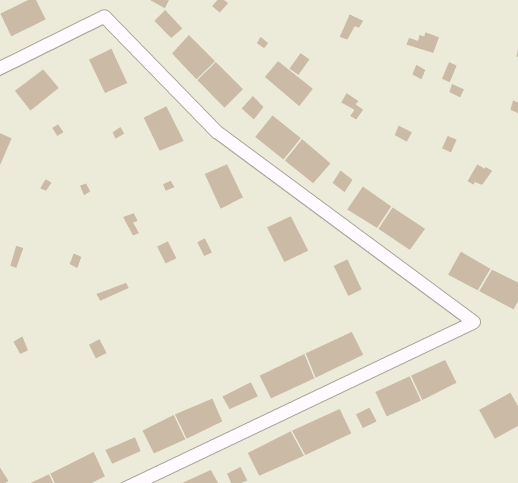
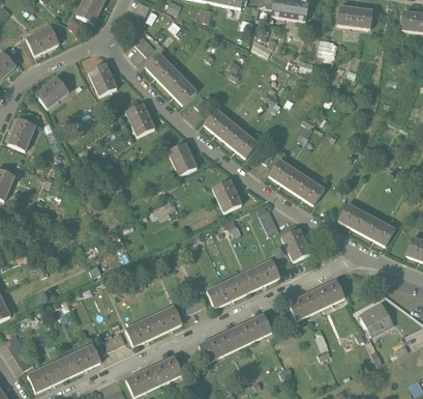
building: [264,60,314,107] -> none
building: none -> [281,228,310,260]

